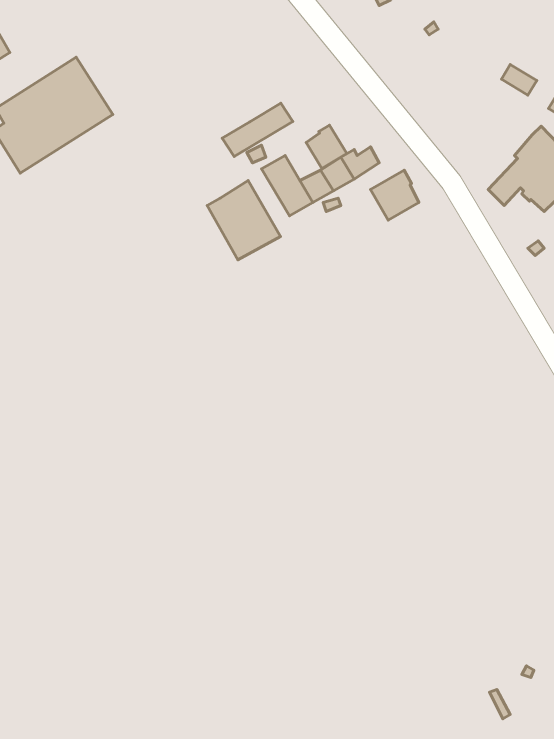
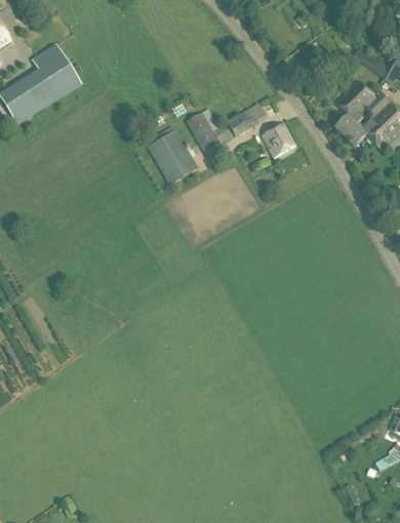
building: [222,103,293,156] -> none
building: none -> [334,80,373,135]
building: [306,125,347,168] -> none

